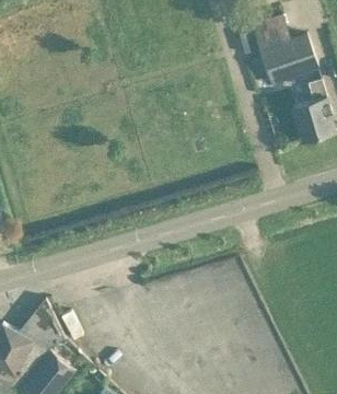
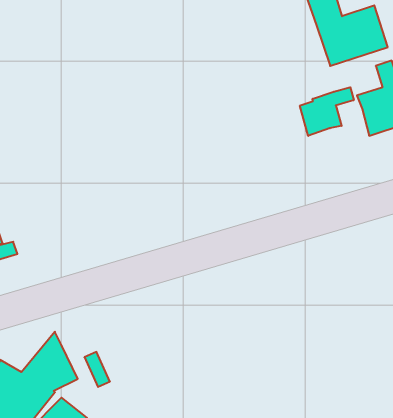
building: none -> [300,87,354,136]

